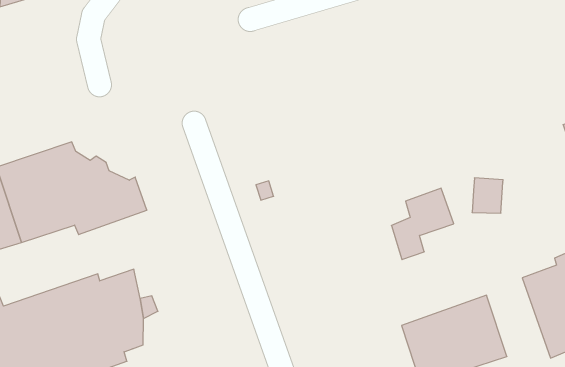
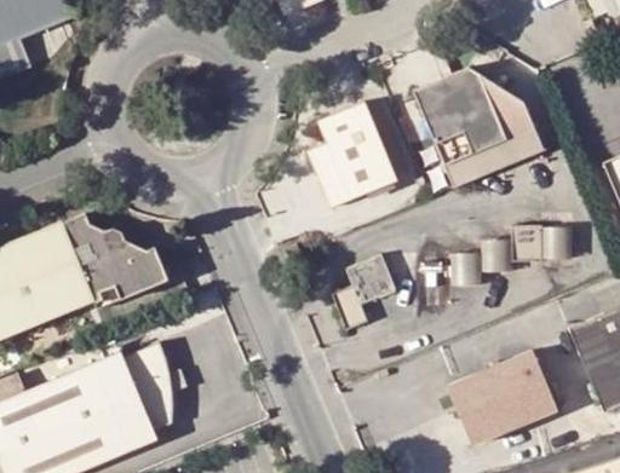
building: none -> [415,67,545,188]
building: none -> [309,102,397,207]
building: [391,188,454,260] -> [332,253,397,330]

